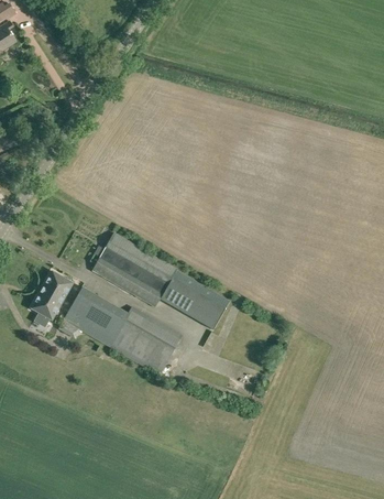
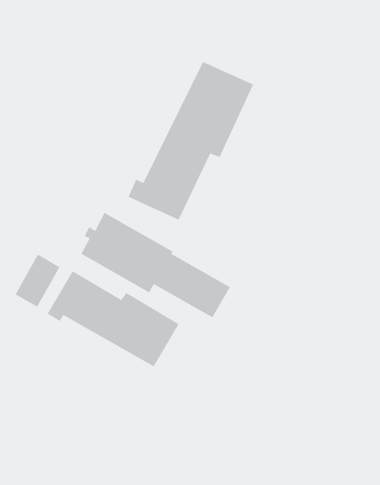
building: none -> [128,61,254,220]

